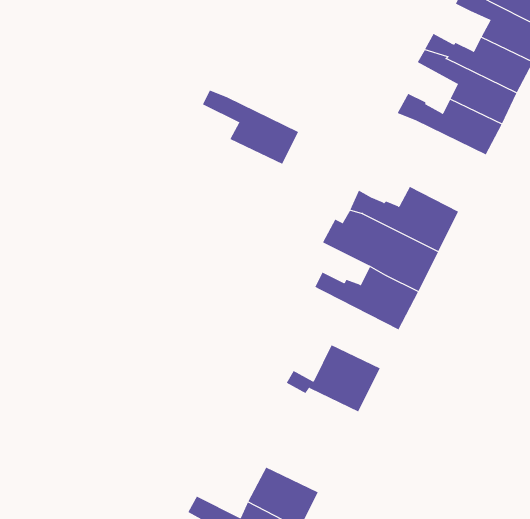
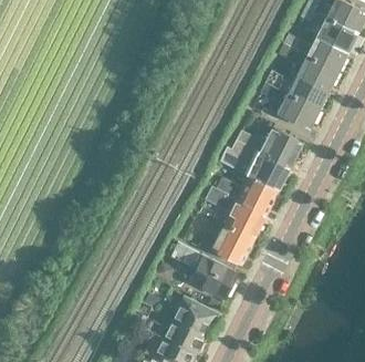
building: [202,90,299,165] -> [260,84,319,130]
building: none -> [206,188,265,239]
building: none -> [171,244,237,300]

